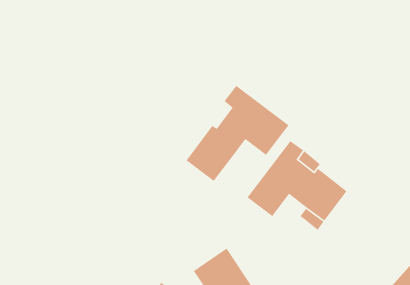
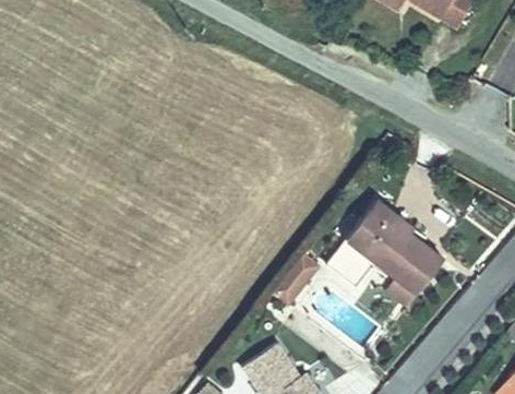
building: [186,85,289,182] -> none

